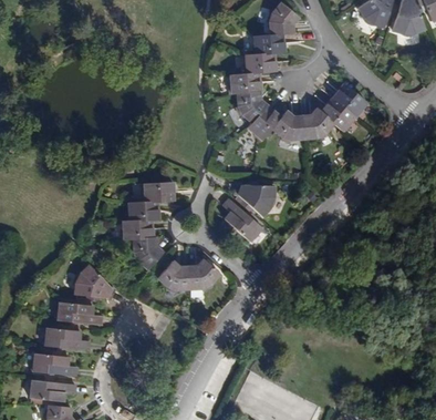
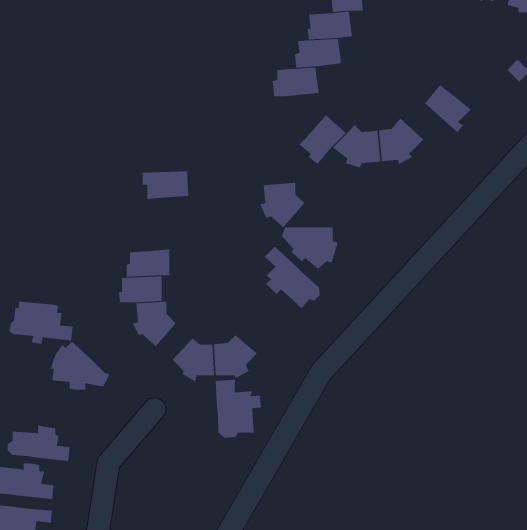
building: [233,91,266,123] -> [260,182,306,228]
building: [321,98,355,132] -> none
building: [142,181,175,201] -> [142,171,189,199]
building: none -> [215,379,262,438]
building: [54,295,100,325] -> [9,301,74,344]

